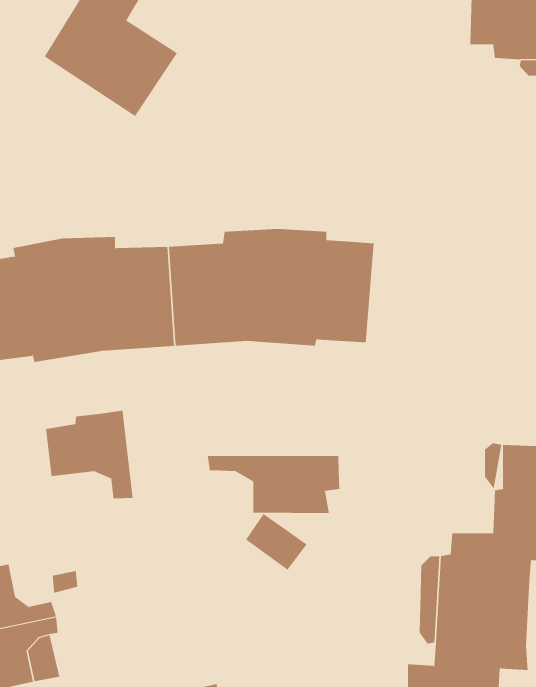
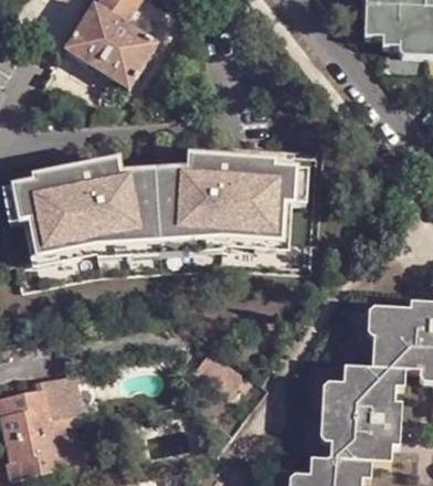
building: [45,410,133,499] -> none
building: [207,455,340,514] -> none

